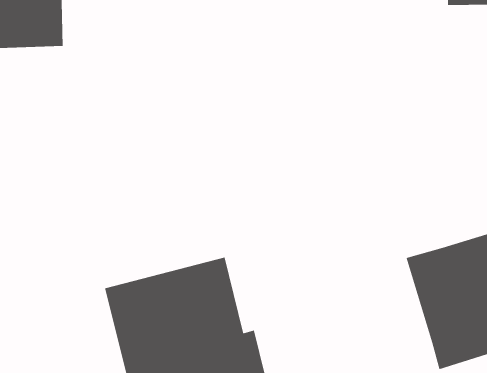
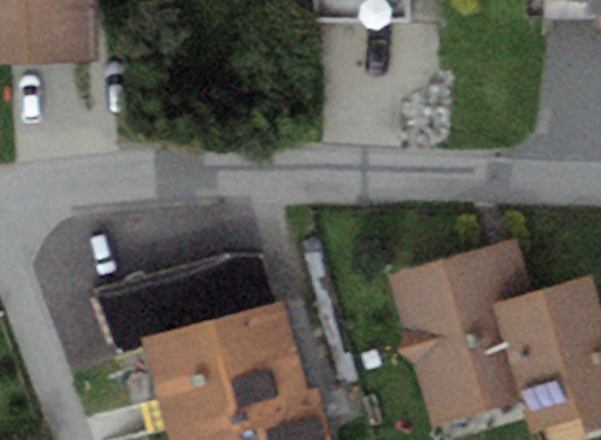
building: none -> [389,237,534,427]

